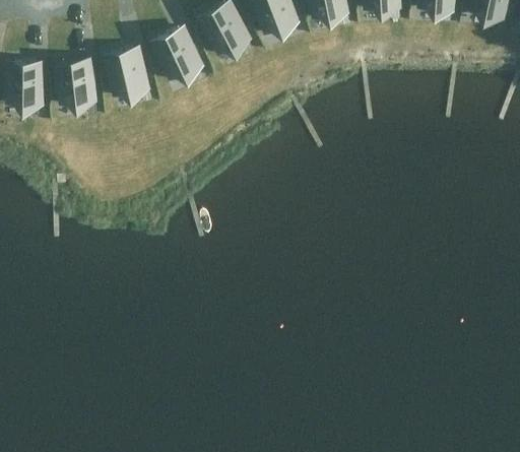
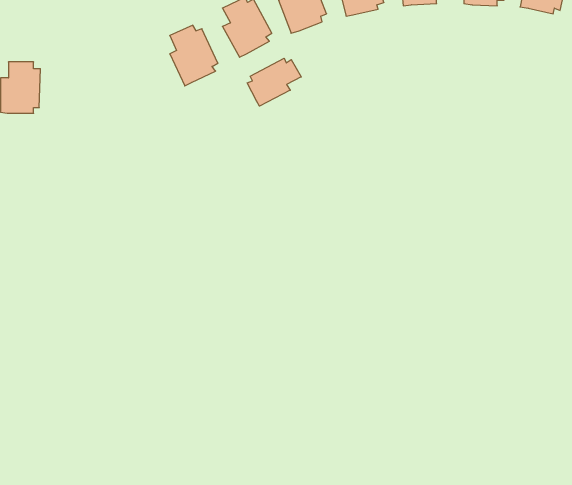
building: [110,48,150,99] -> none
building: none -> [247,58,301,106]
building: [60,58,99,107] -> none

